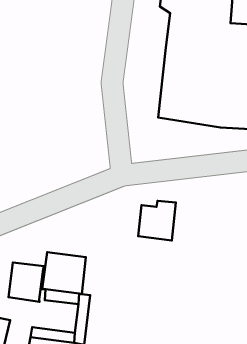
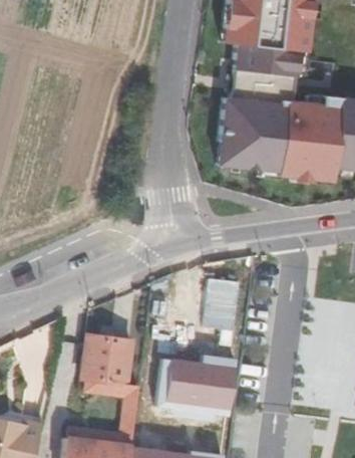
building: [8,262,44,302] -> none
building: none -> [168,360,235,409]

